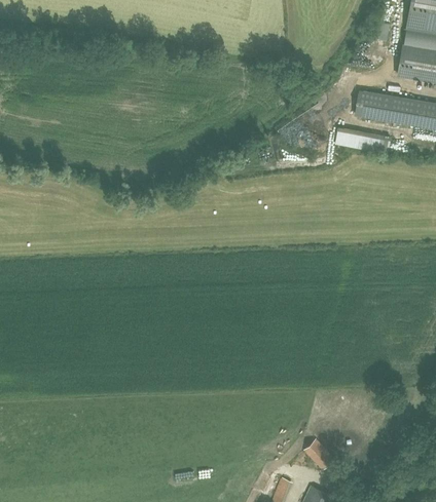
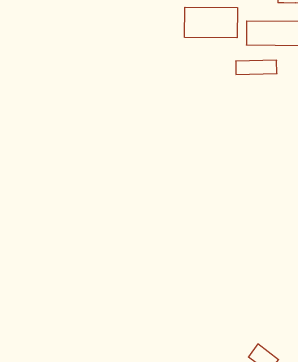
building: none -> [185,7,237,38]

